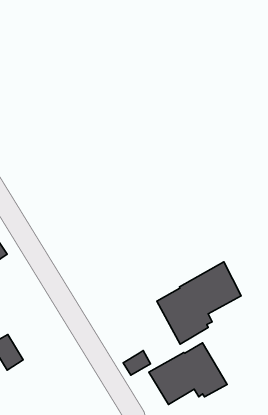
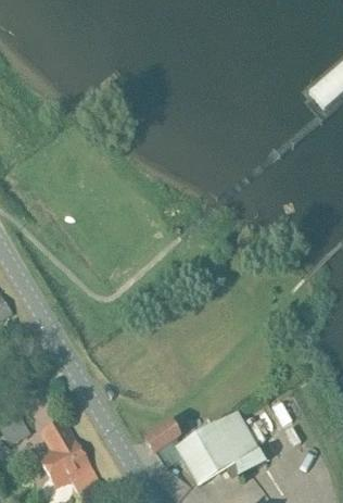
building: [157,262,241,344] -> none
building: none -> [37,417,99,490]

